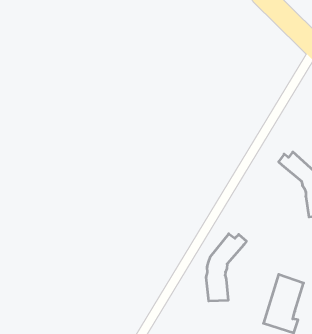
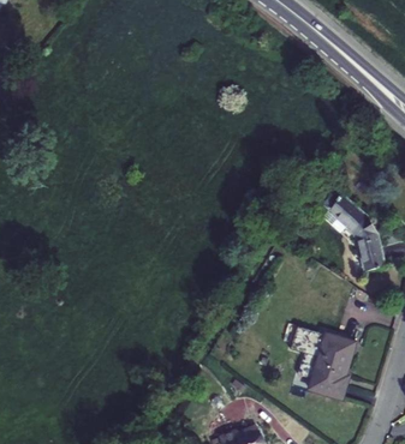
building: [206,234,246,301] -> none

